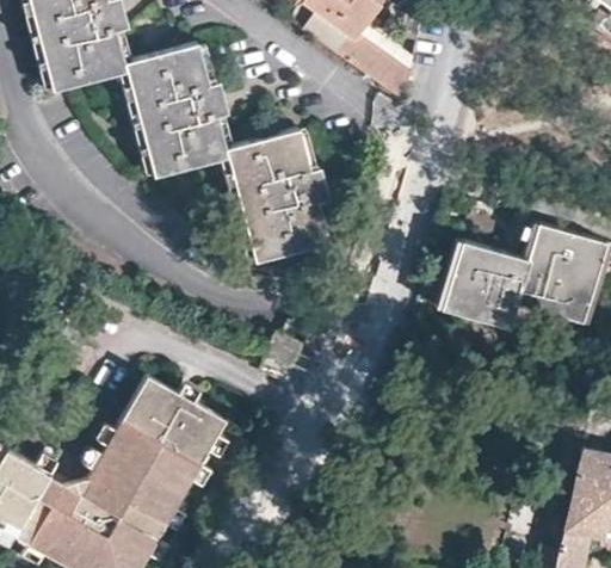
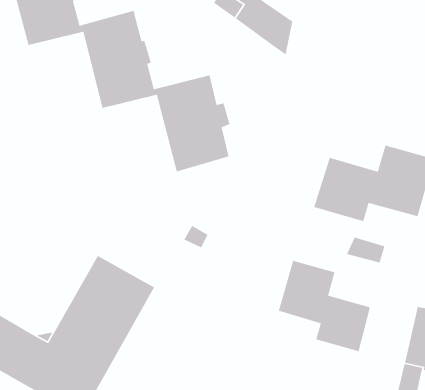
building: none -> [346,237,385,264]
building: none -> [278,260,371,352]

